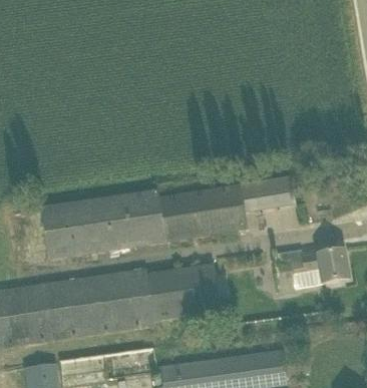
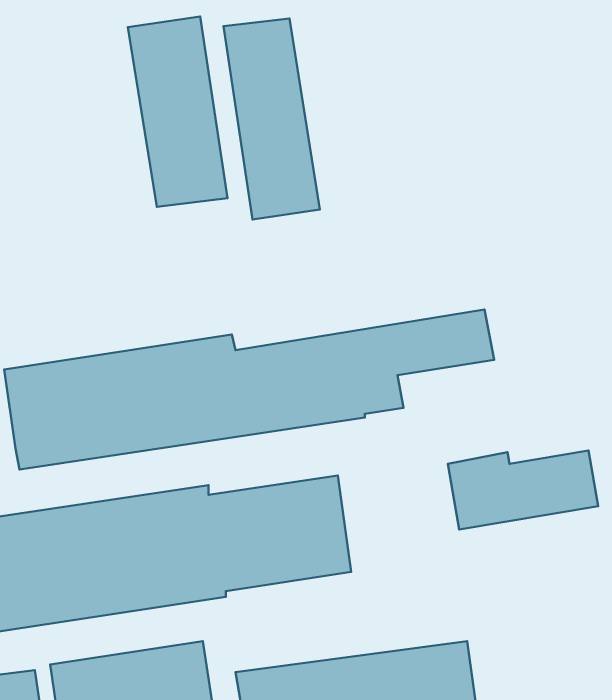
building: none -> [128,17,228,207]
building: none -> [223,18,320,219]

